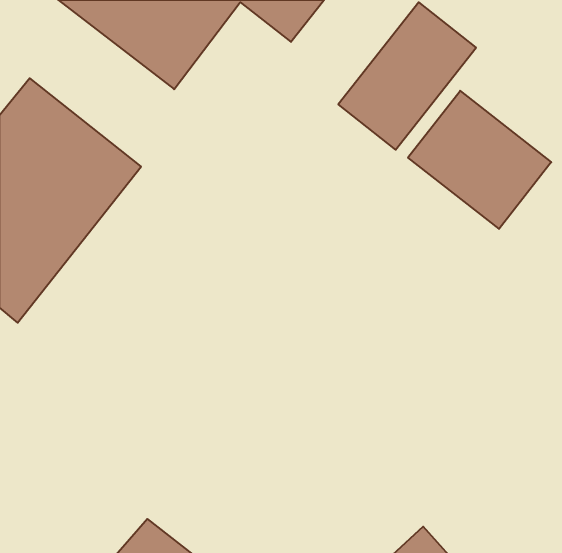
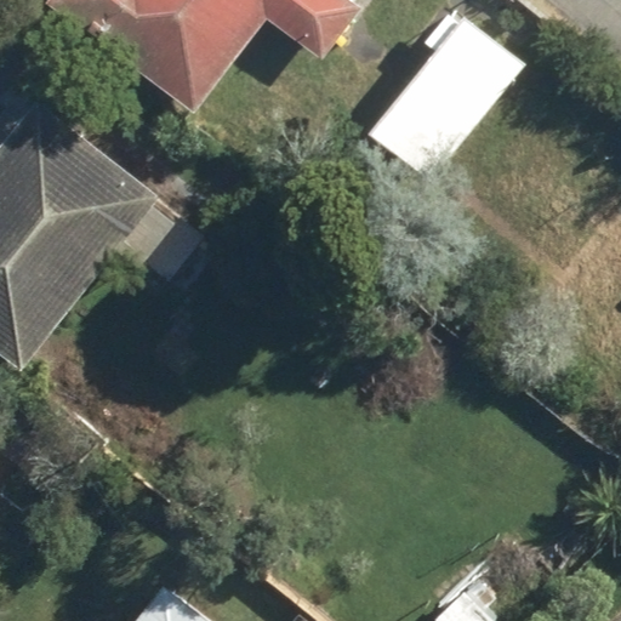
building: [408,91,551,229] -> none

